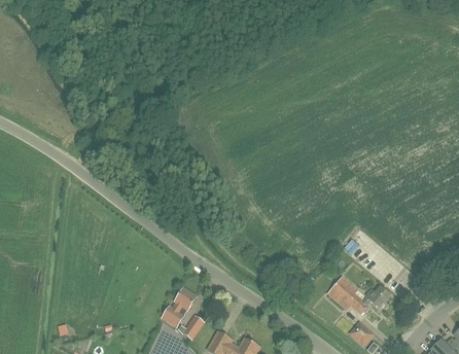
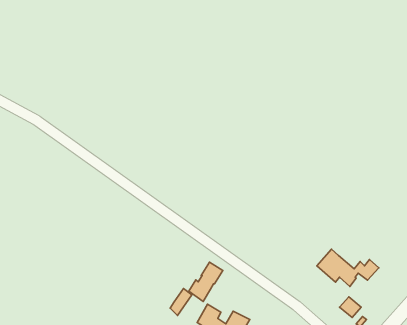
building: [162,288,196,327] -> [189,262,223,302]

